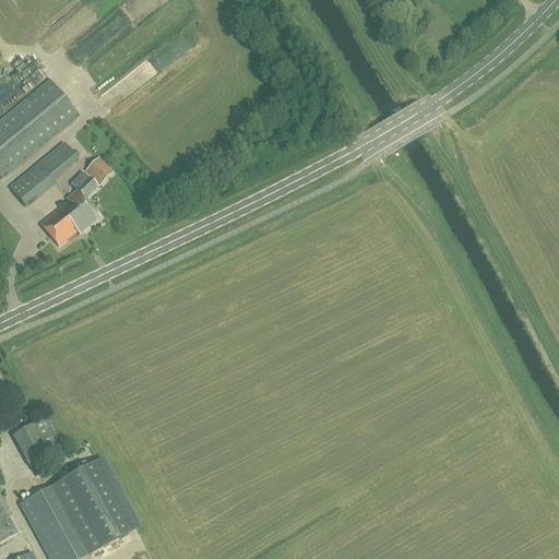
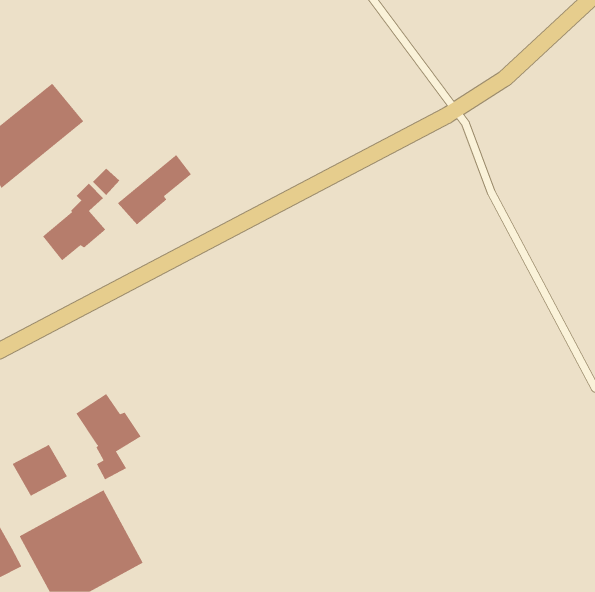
building: [8,140,78,206] -> [117,154,192,225]
building: none -> [76,393,141,480]

